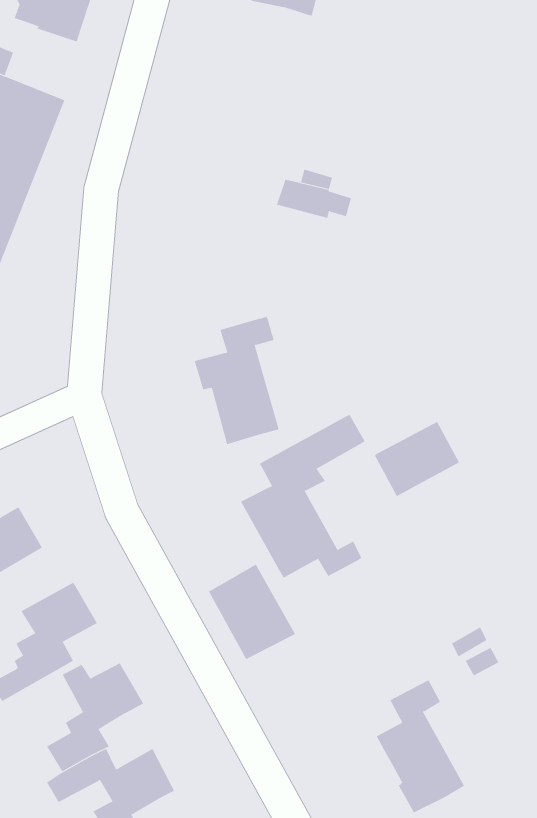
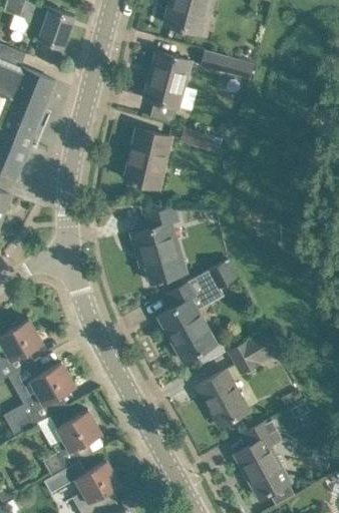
building: none -> [200,51,255,80]
building: none -> [143,52,190,107]
building: none -> [123,129,169,187]
building: [374,421,460,497] -> [228,330,278,374]
building: [208,564,296,660] -> [197,370,248,426]

